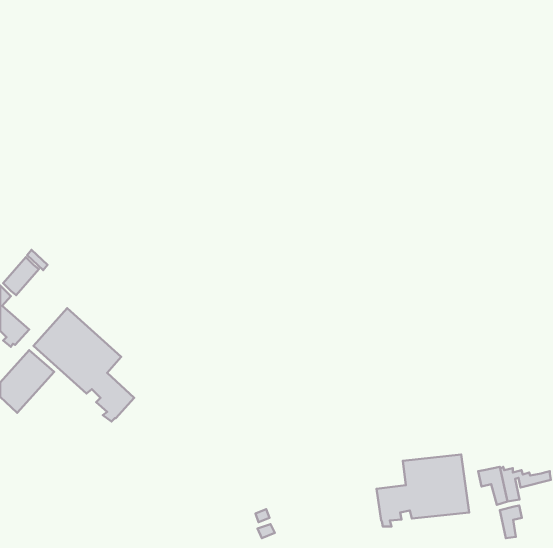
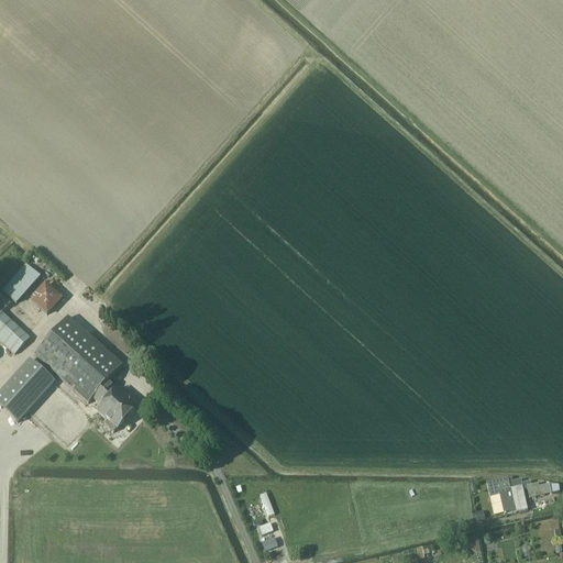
building: none -> [29,279,63,312]
building: [377,455,469,527] -> none
building: [500,505,522,538] -> none

